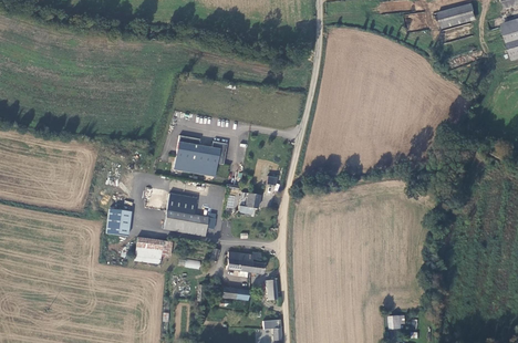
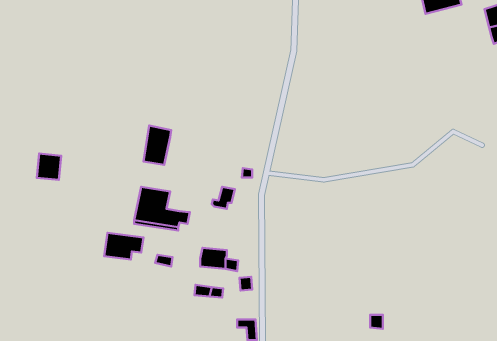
building: [193,142,226,177] -> none
building: [107,209,131,235] -> [37,153,61,180]

